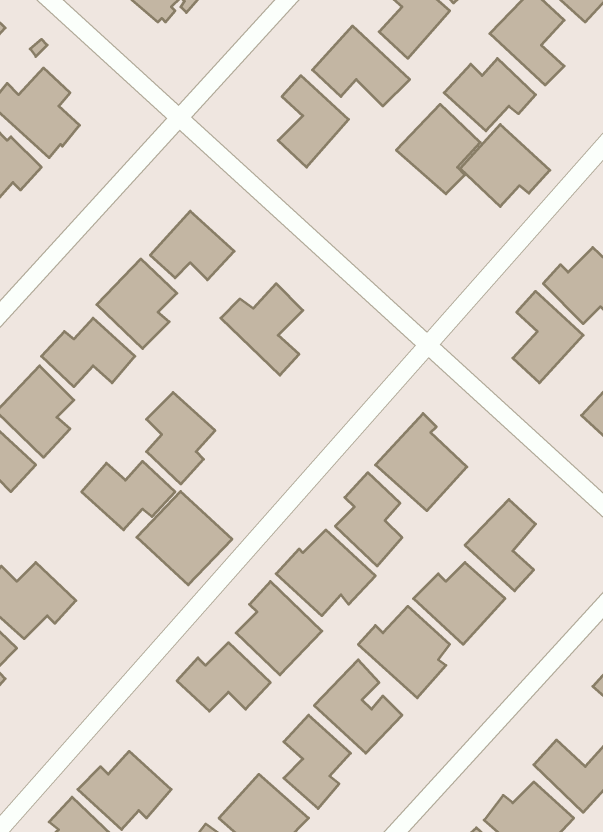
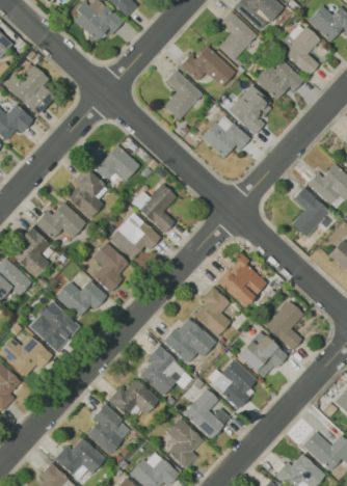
building: [460,124,550,207] -> [202,113,250,158]
building: none -> [109,212,161,259]
building: [137,491,232,585] -> [28,300,80,351]
building: none -> [87,404,132,453]

